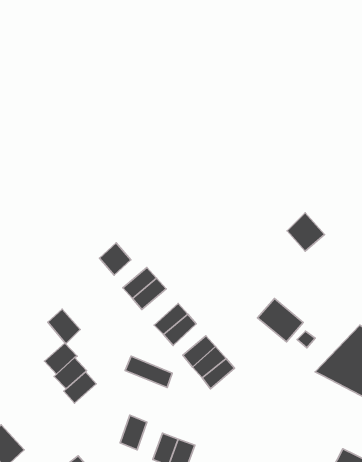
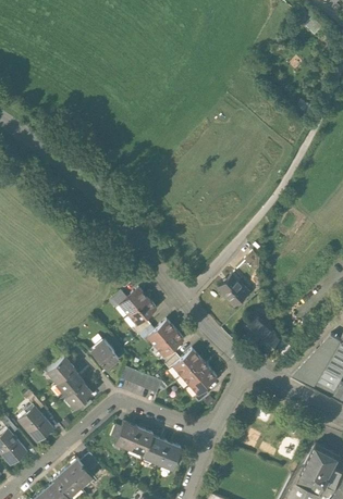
building: [287,213,324,251] -> [217,272,250,307]
building: [100,243,131,275] -> none
building: [48,309,80,344] -> [90,337,120,369]
building: none -> [17,406,54,444]
building: none -> [131,426,156,457]

